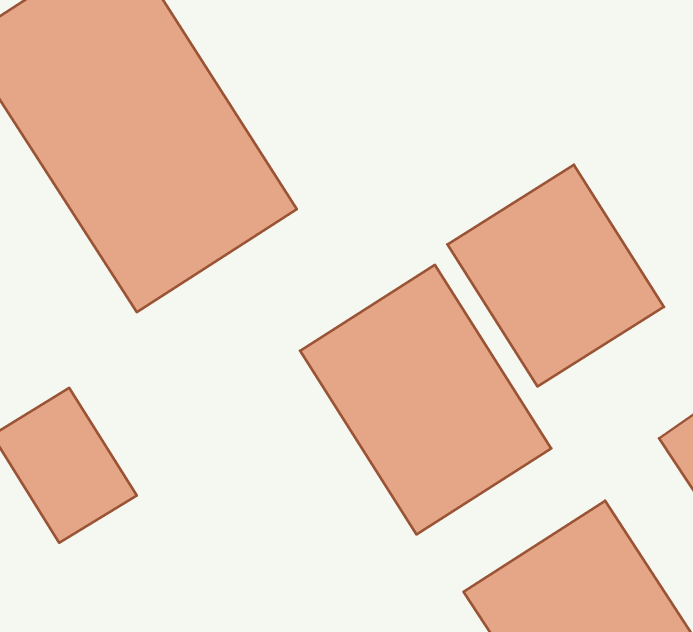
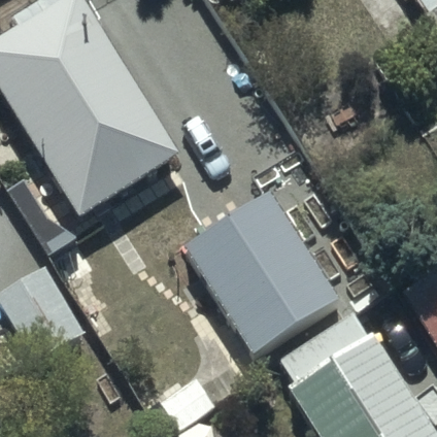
building: [447,165,664,386] -> none

